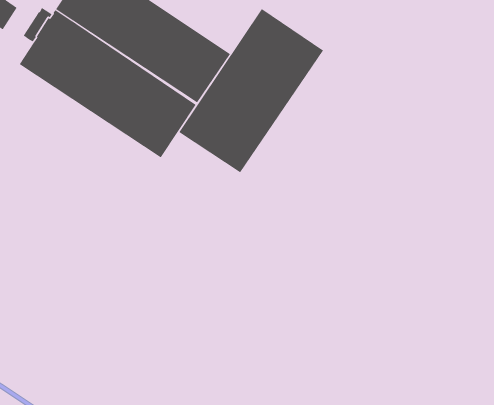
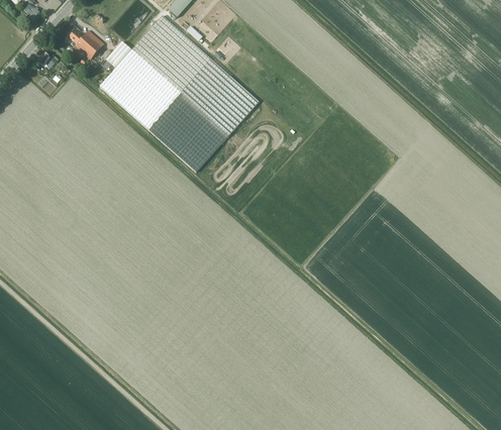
building: [179,8,324,173] -> none

